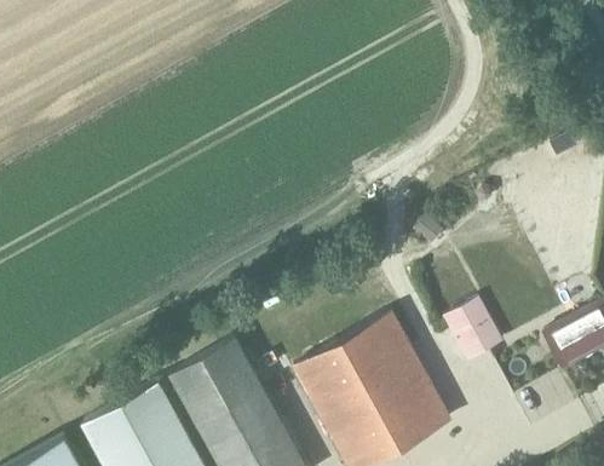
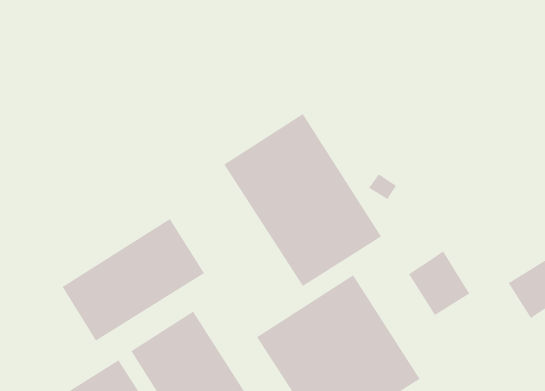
building: none -> [223,113,382,287]
building: none -> [62,218,205,341]

